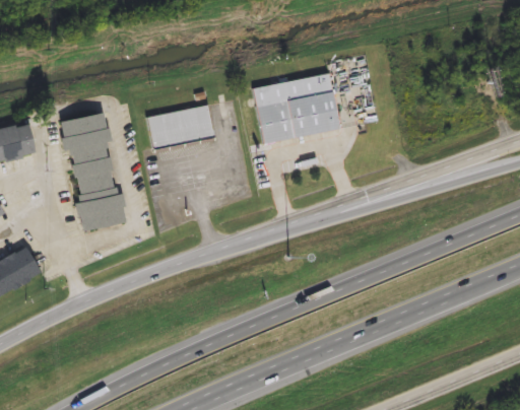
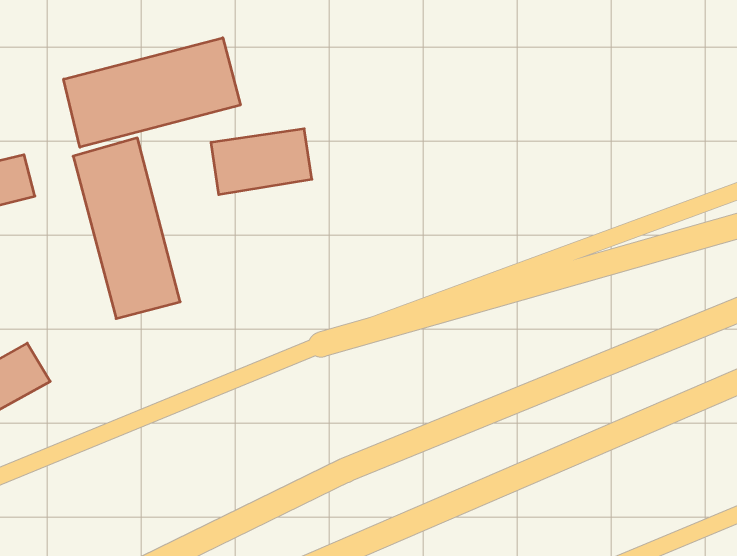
building: none -> [64,38,240,147]
building: [253,74,339,143] -> none

